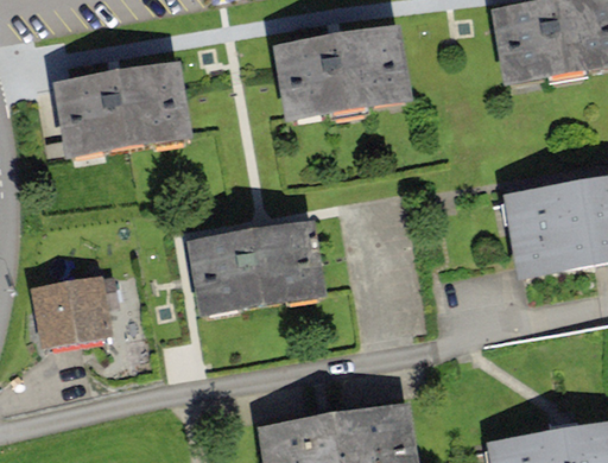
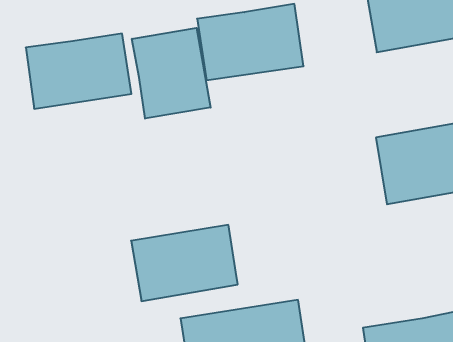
building: none -> [132,28,211,119]
building: [188,218,324,316] -> [131,225,238,301]
building: [36,279,114,347] -> none

